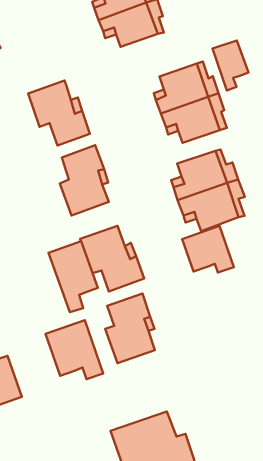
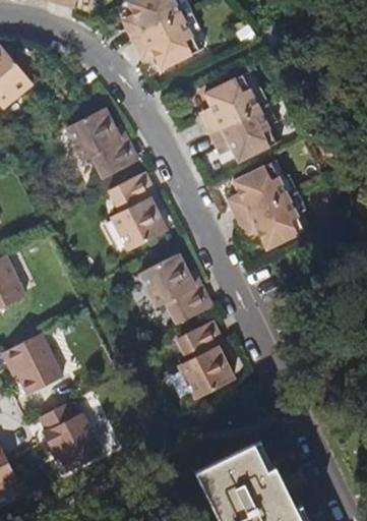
building: [212,40,248,91] -> none
building: [182,226,234,273] -> none
building: [48,241,98,312] -> none
building: [45,320,103,379] -> none

